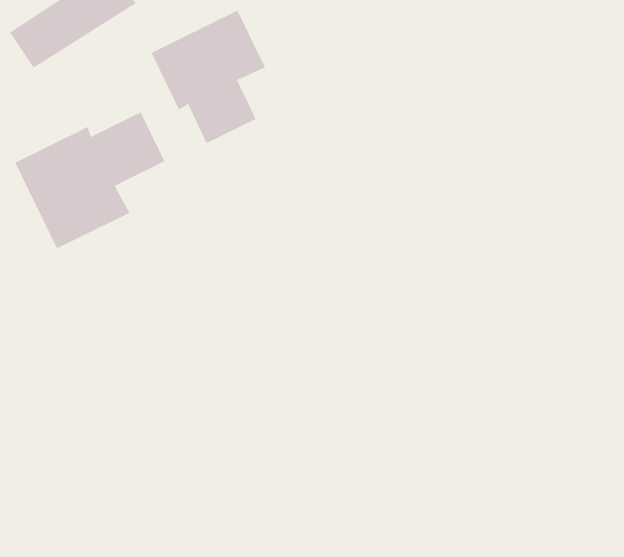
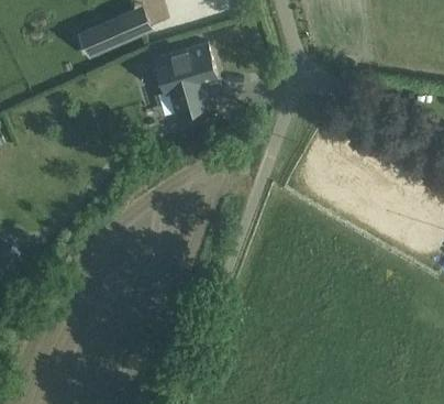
building: [15,112,165,249] -> none

